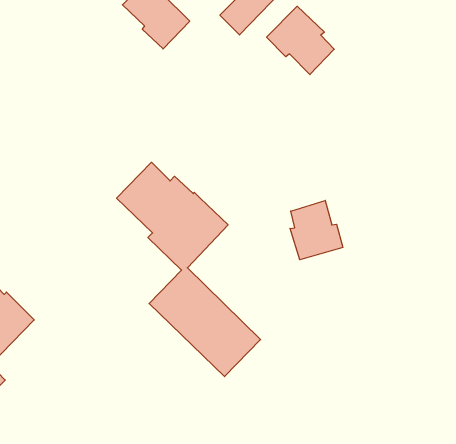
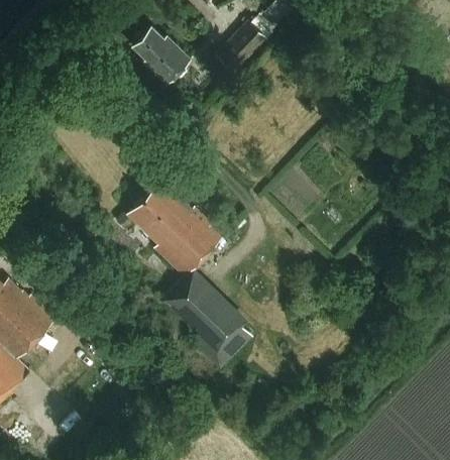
building: [267,6,334,75] -> none
building: [290,200,343,260] -> none

